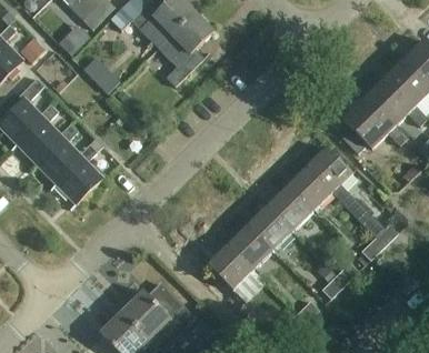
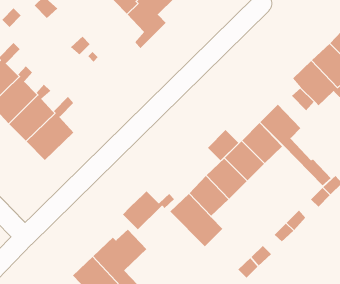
building: none -> [207,129,239,161]
building: none -> [122,191,175,230]

